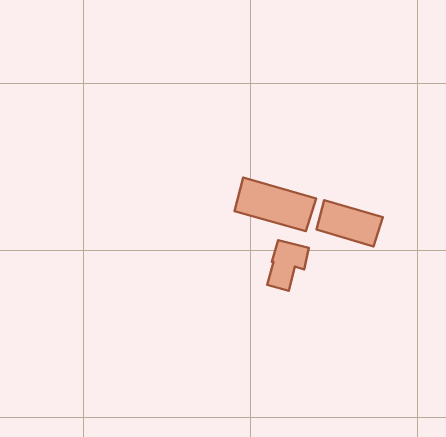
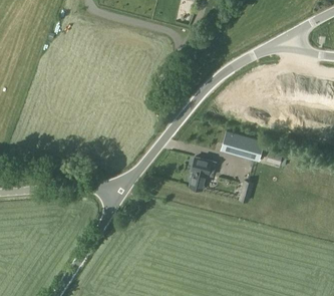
building: [234,177,316,231] -> none

